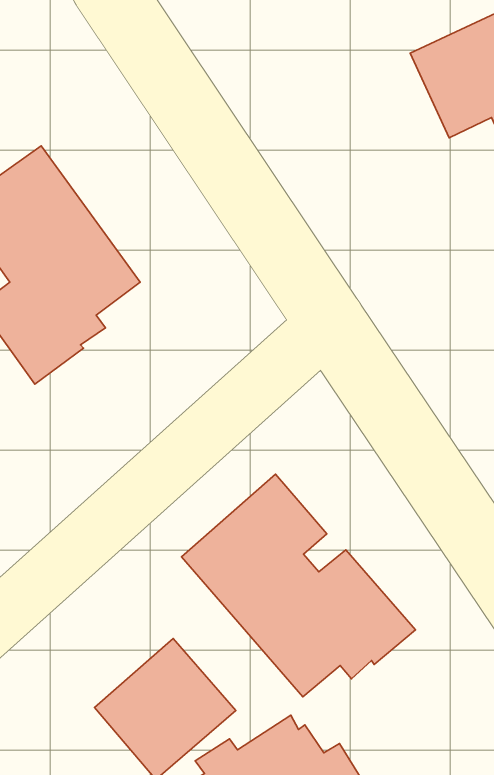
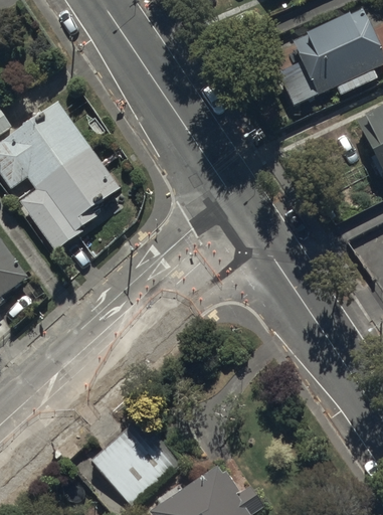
building: [181,474,415,697] -> none

